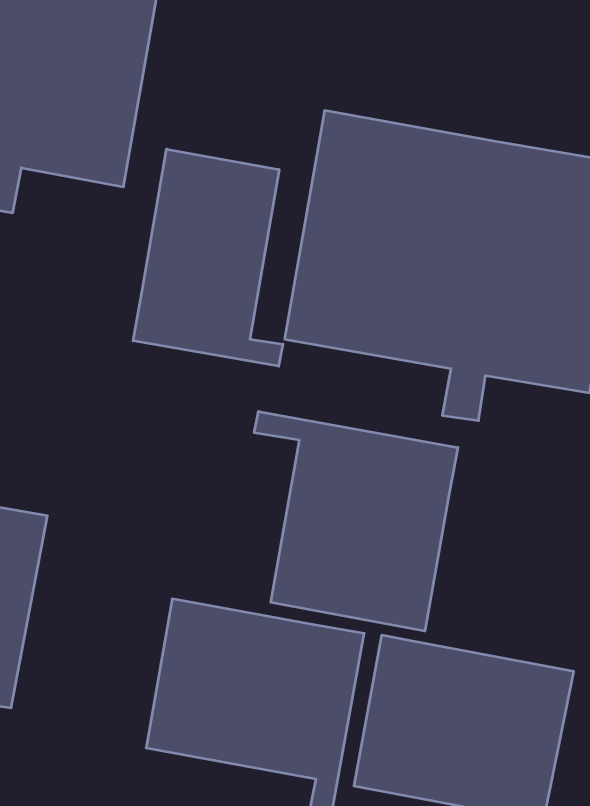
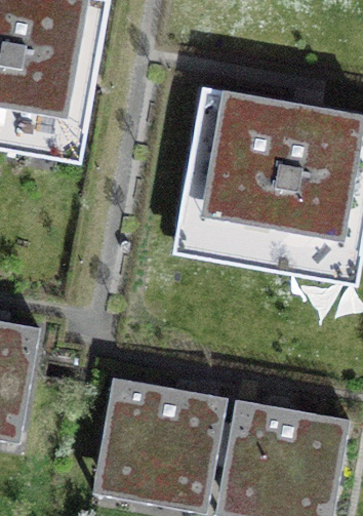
building: [133,149,283,366] -> none
building: [254,411,458,631] -> none

